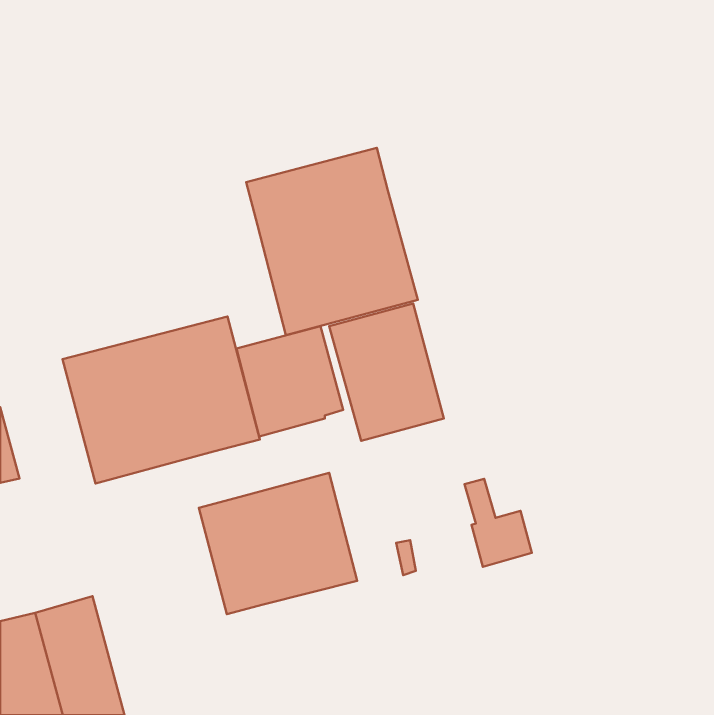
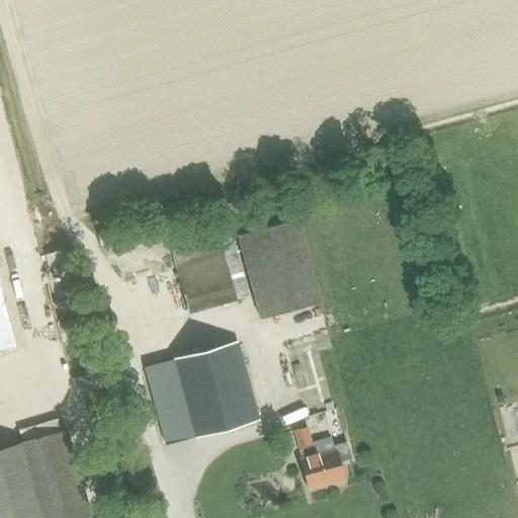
building: [246,148,418,335] -> none
building: [62,317,260,483] -> none
building: [465,479,532,567] -> [293,427,342,491]

